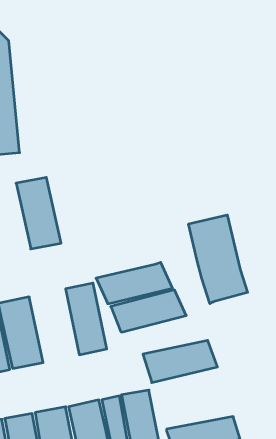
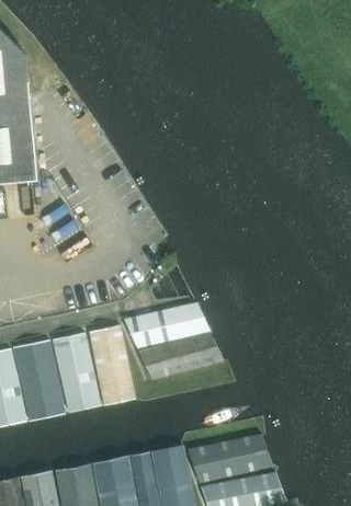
building: [16,177,61,249] -> [52,333,102,413]
building: [189,215,248,304] -> none
building: [143,340,217,383] -> [189,435,272,482]

